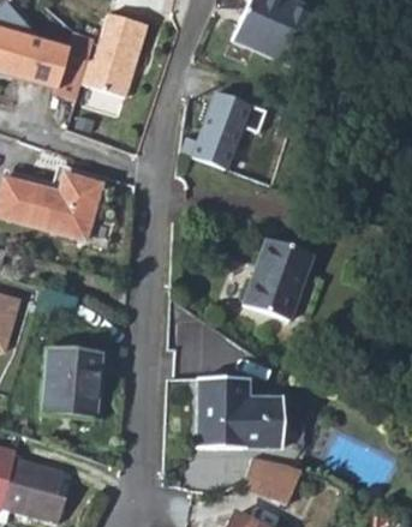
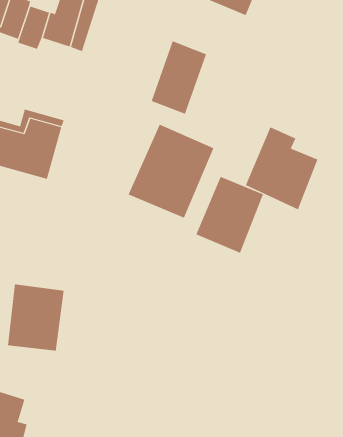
building: none -> [128,124,214,219]
building: none -> [245,126,318,210]
building: [197,373,281,443] -> none
building: [245,448,304,505] -> none

